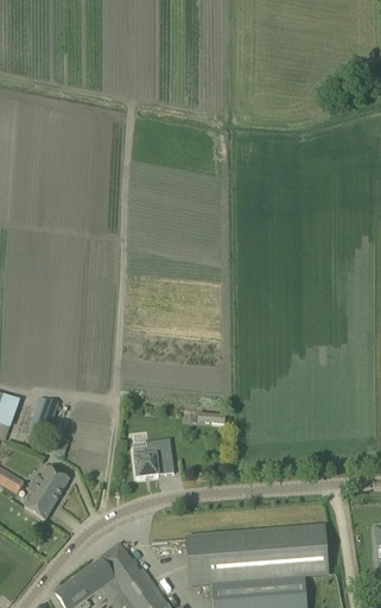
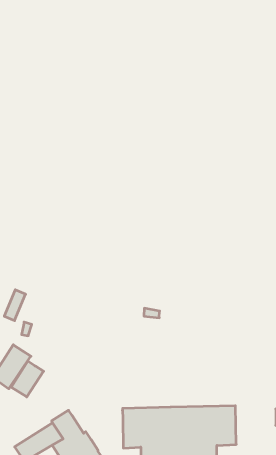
building: [133,439,173,477] -> none
building: none -> [11,361,44,397]

